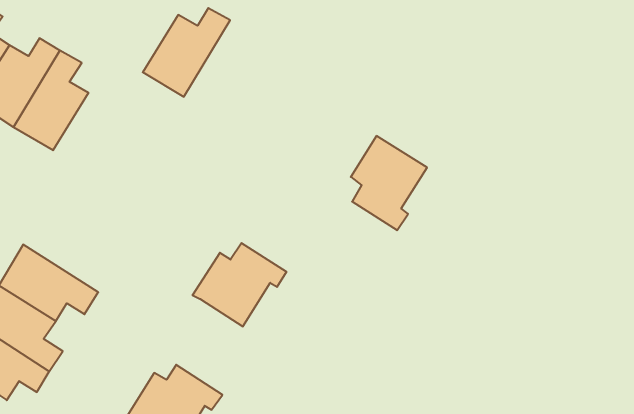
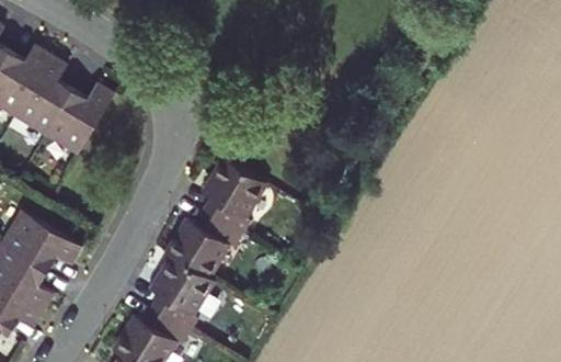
building: [143,8,230,97] -> [50,87,121,158]
building: [351,136,427,230] -> [201,160,262,236]
building: none -> [148,258,209,335]

